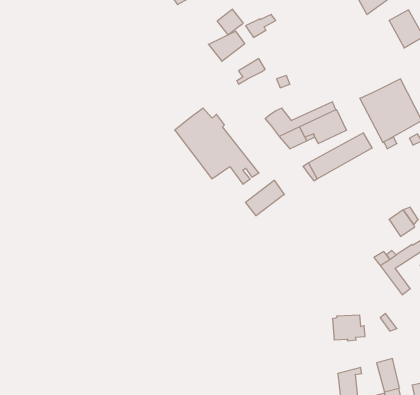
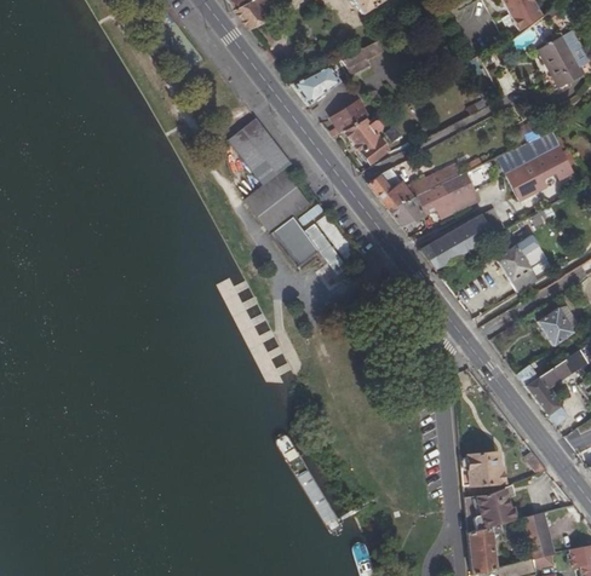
building: [217,9,243,35] -> none
building: none -> [229,117,291,184]
building: none -> [344,120,388,163]
building: none -> [495,234,546,292]
building: [246,180,284,216] -> none
building: none -> [464,484,516,532]

